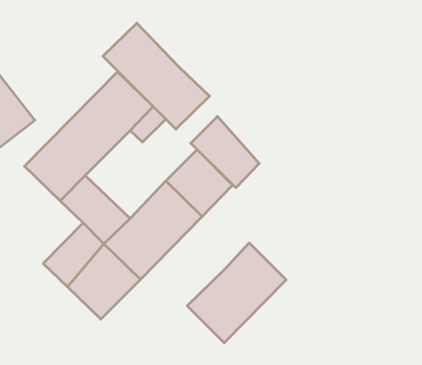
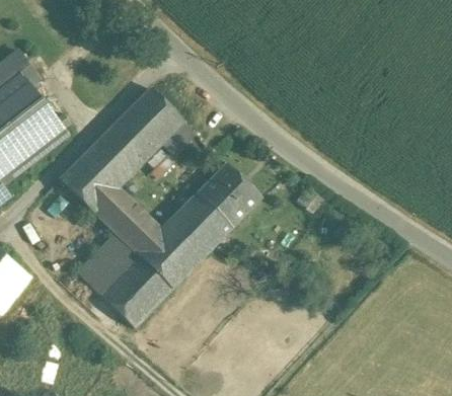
building: [103,23,210,129] -> none
building: [191,116,259,188] -> none
building: [187,243,286,343] -> none

